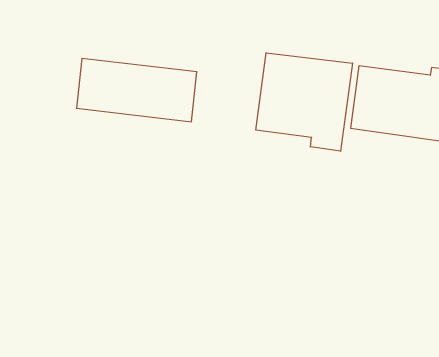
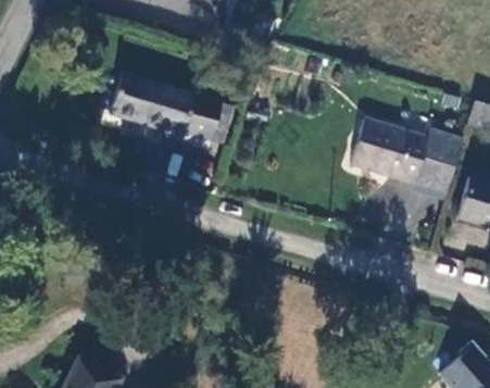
building: [256,53,352,151] -> none

